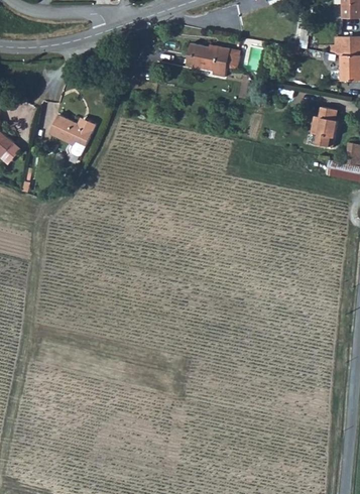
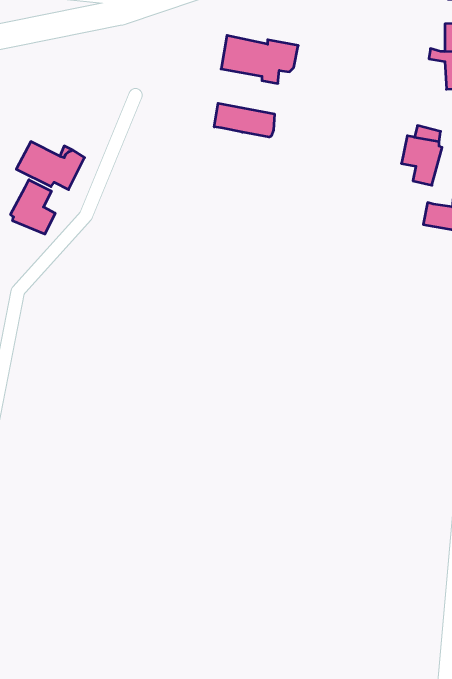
building: none -> [214,103,274,137]
building: none -> [11,180,55,234]

